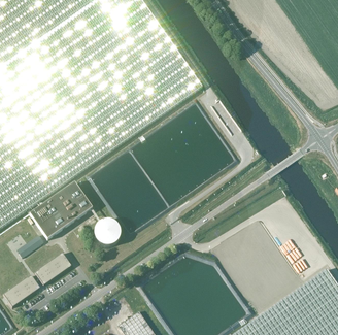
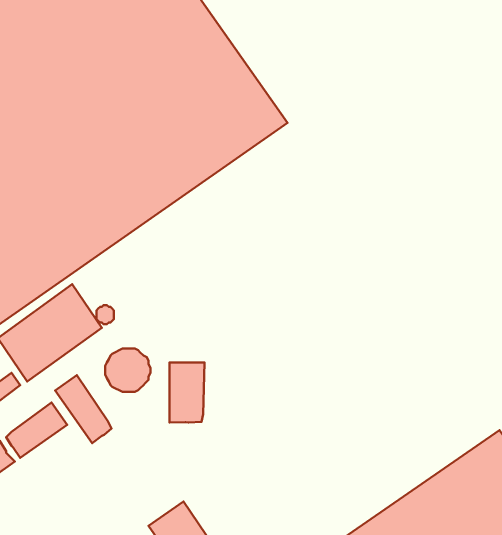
building: none -> [169,362,205,422]
building: none -> [55,375,112,443]

